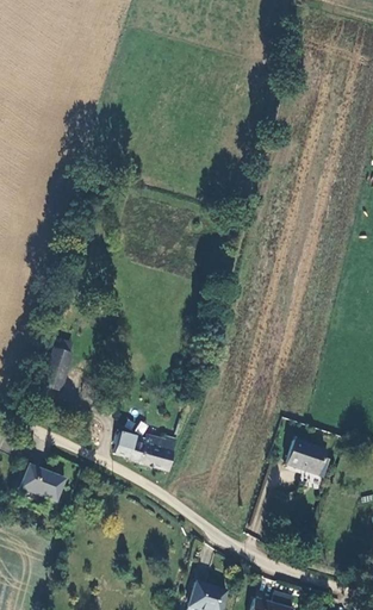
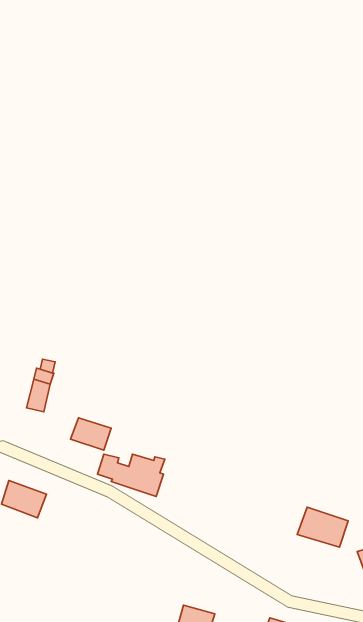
building: none -> [70,418,111,450]
building: [288,440,337,478] -> [297,507,348,547]

